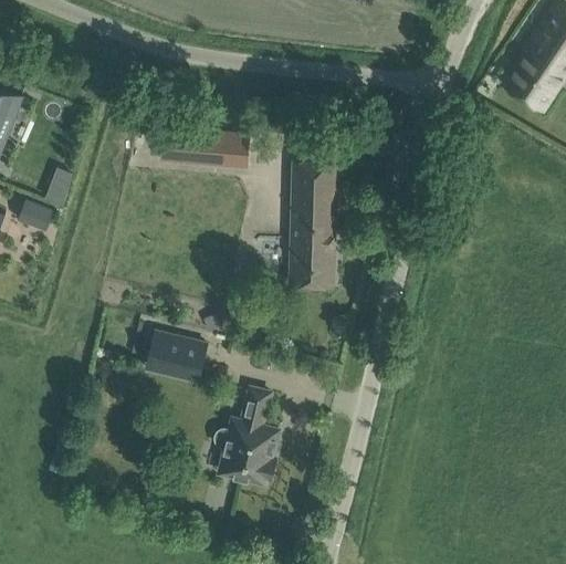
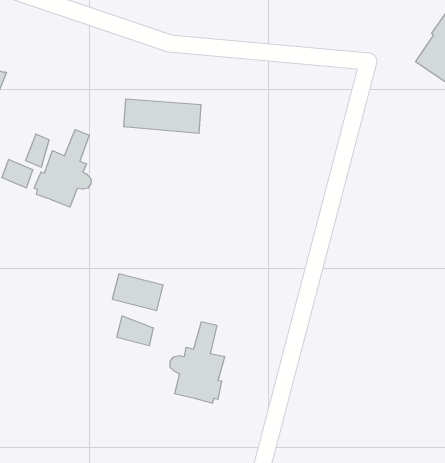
building: [289,160,336,286] -> none
building: none -> [34,130,91,207]
building: none -> [117,316,153,346]

